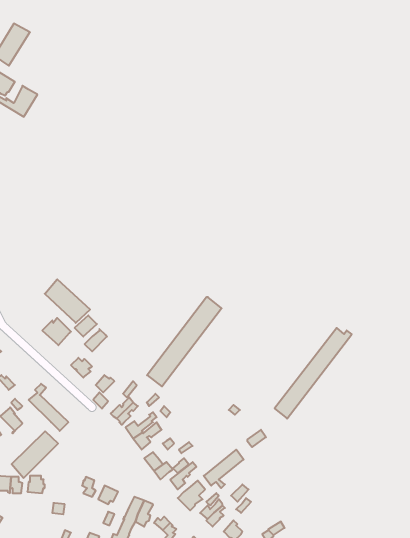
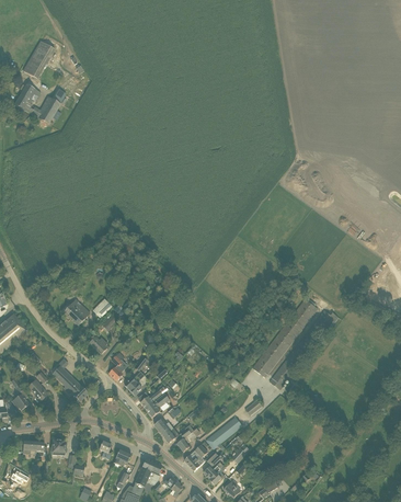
building: [45,279,90,323] -> none
building: [147,297,222,386] -> [251,298,317,377]
building: [12,431,58,478] -> none

